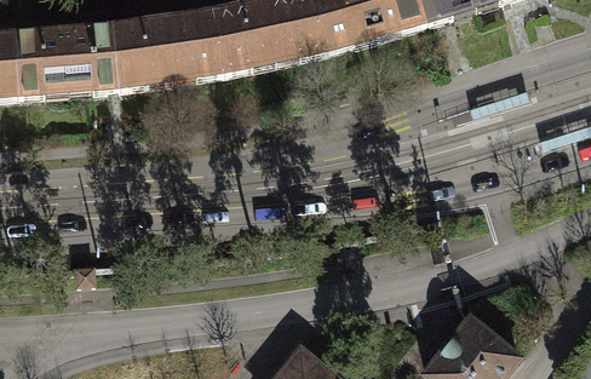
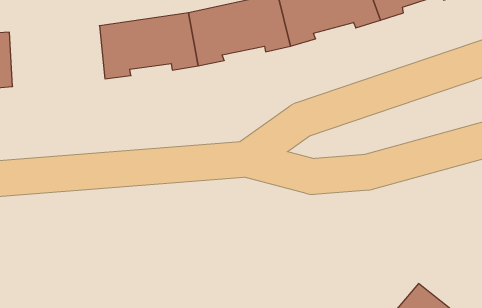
building: [12,30,119,98] -> none

